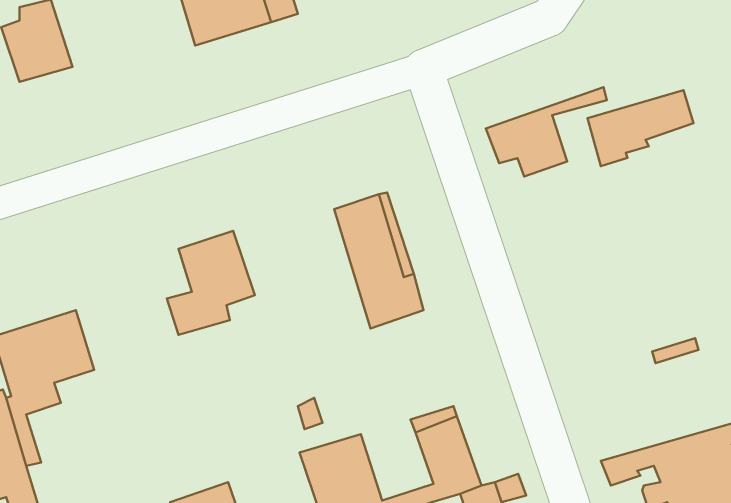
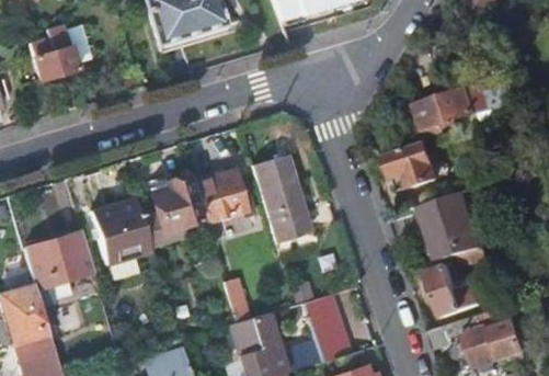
building: [486,87,607,176] -> [387,128,467,187]
building: none -> [194,169,254,223]
building: none -> [423,193,482,260]
building: none -> [91,197,151,281]
building: none -> [430,264,481,318]

